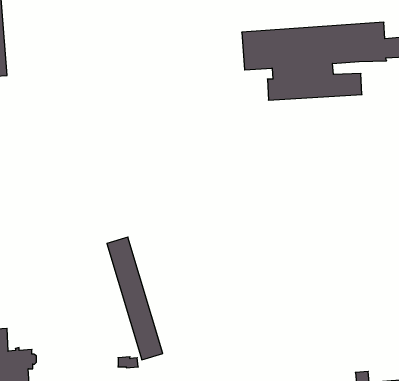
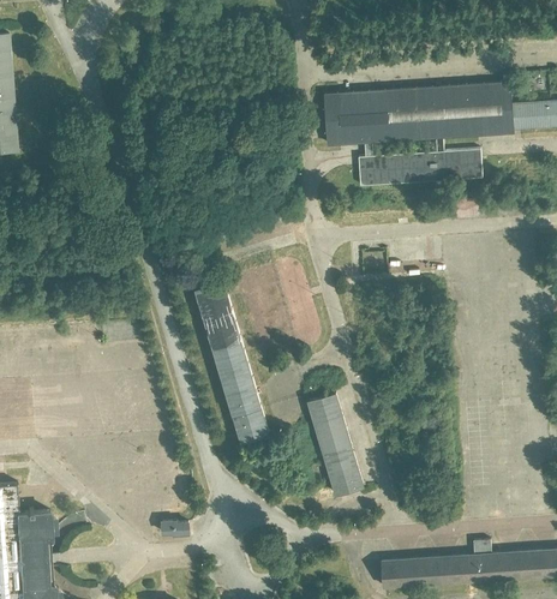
building: [107,237,163,360] -> [196,280,269,441]
building: none -> [309,393,363,495]

